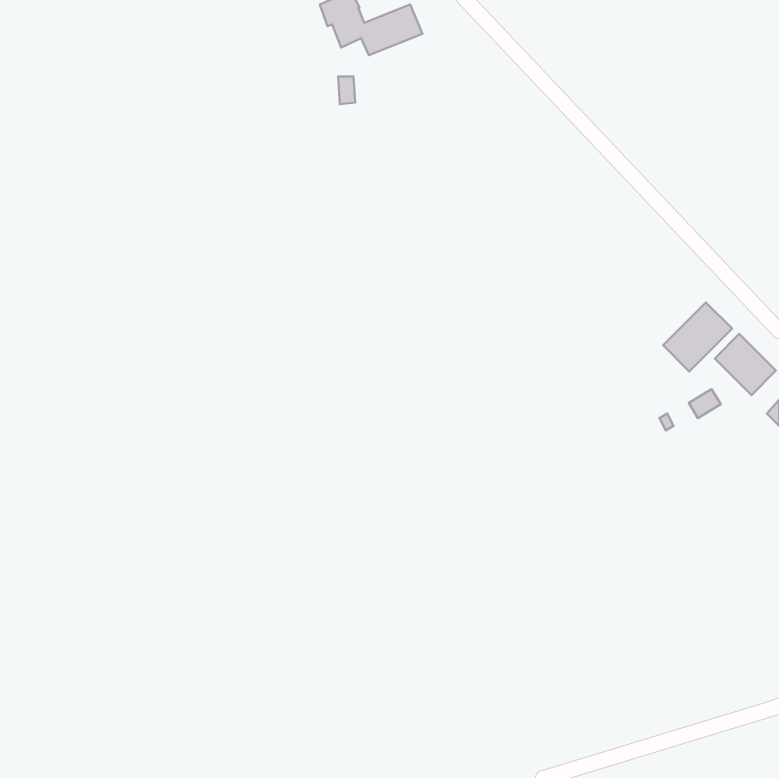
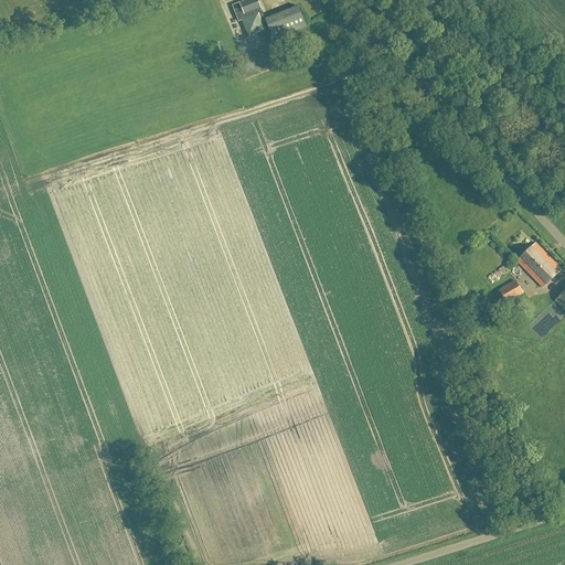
building: [663,302,732,371] -> none

